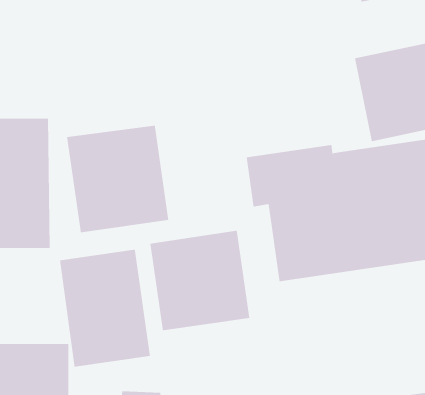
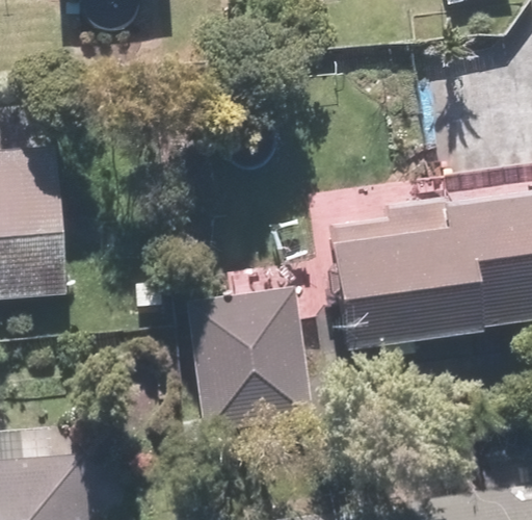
building: [66,125,169,233] -> none
building: [59,249,151,367] -> none

